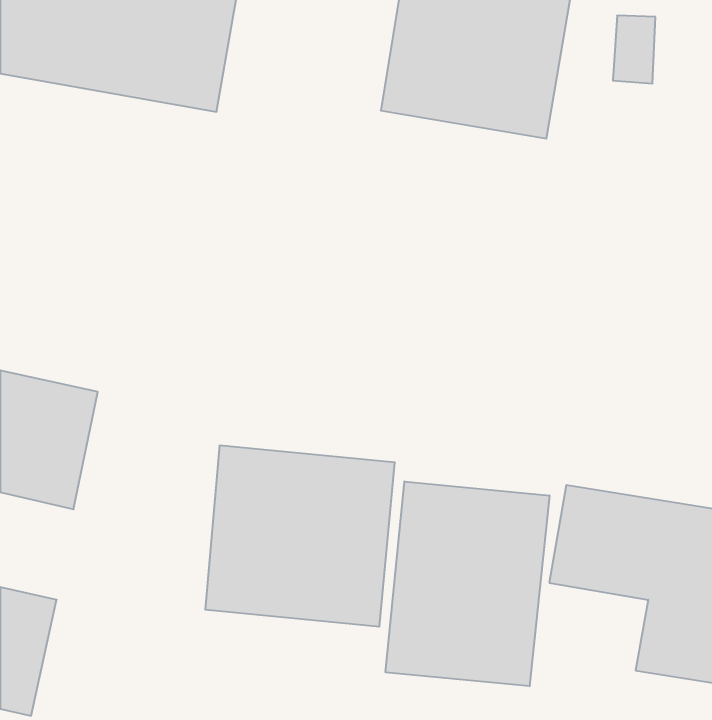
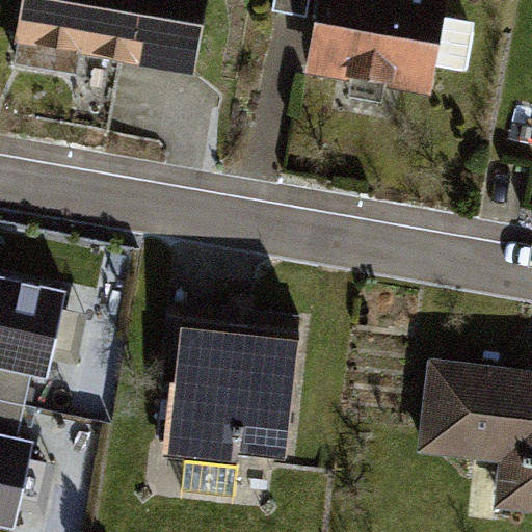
building: [386,481,549,686] -> none

